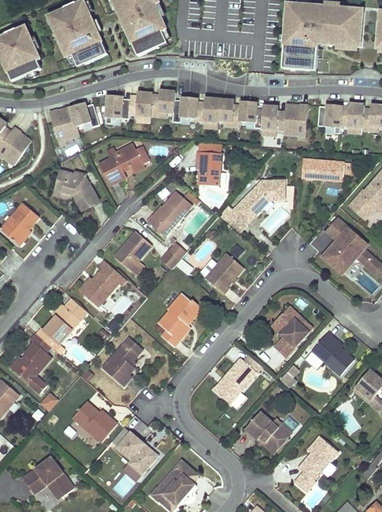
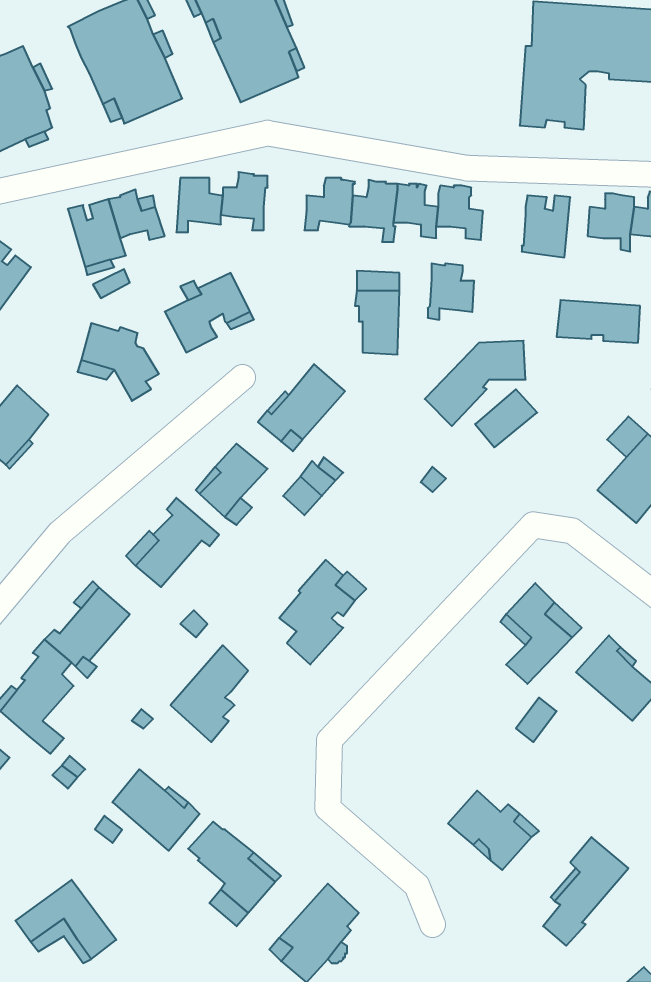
building: [150,88,174,116] -> none
building: [261,105,285,134] -> [428,263,474,320]
building: [206,252,244,293] -> none
building: [213,357,258,403] -> none

